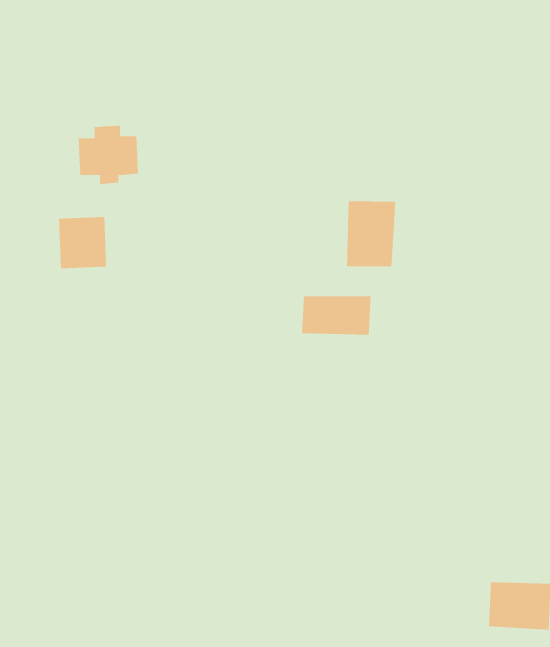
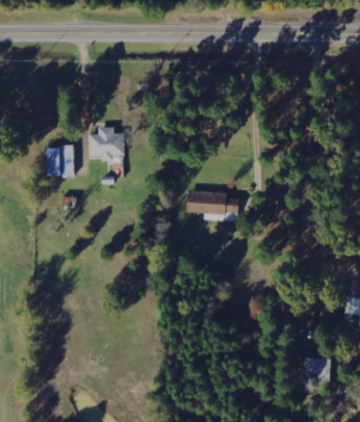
building: [78,125,139,185] -> [89,127,125,161]
building: [346,200,396,267] -> none

